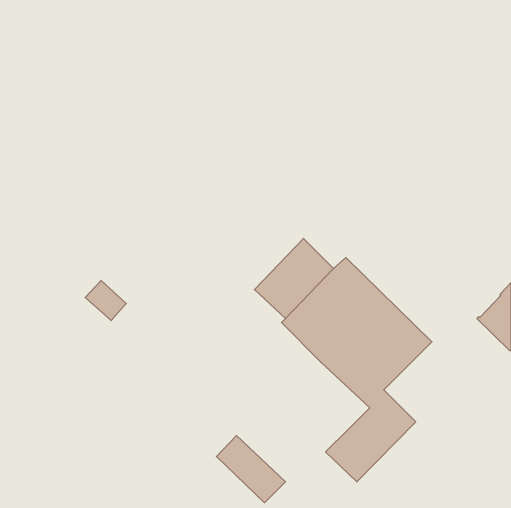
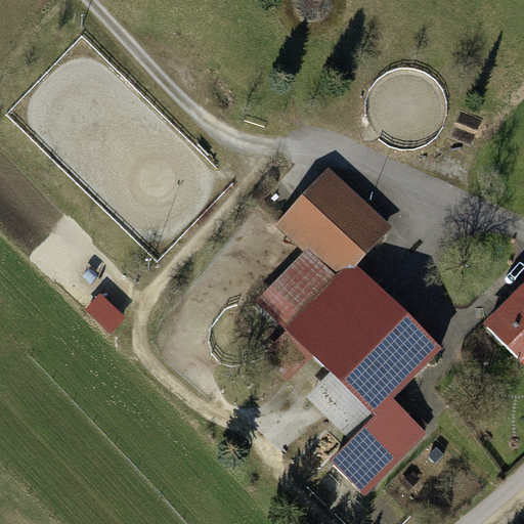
building: none -> [286,177,384,274]
building: [216,436,286,503] -> [307,369,378,438]

